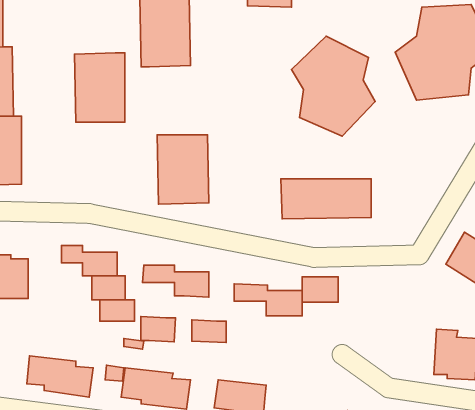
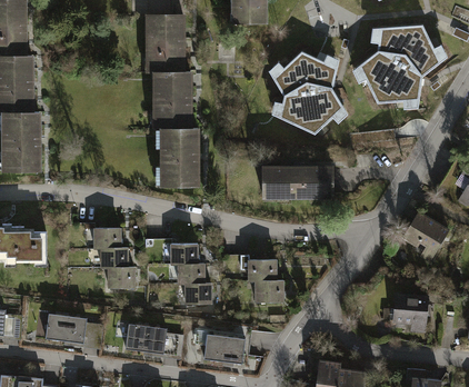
building: [74,53,125,122] -> [151,72,193,130]
building: [302,277,338,302] -> [257,281,287,302]
building: [141,317,176,342] -> [180,265,209,286]

